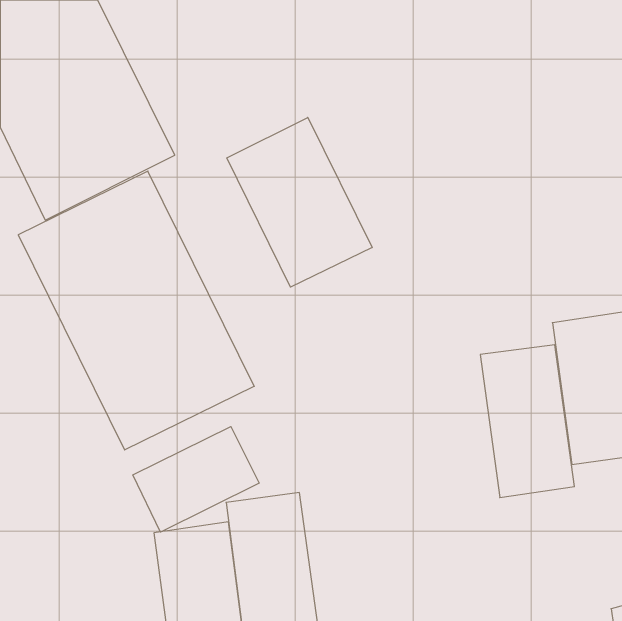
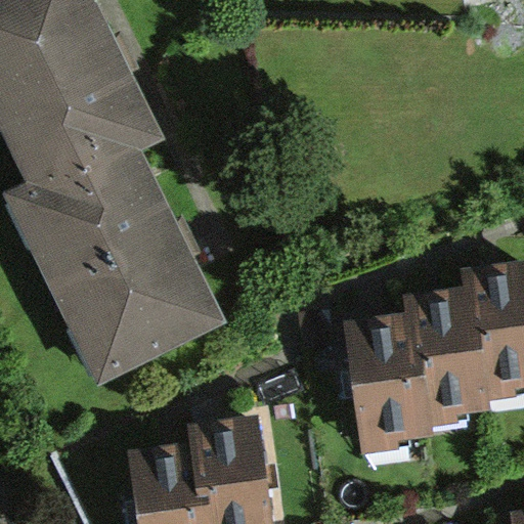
building: [227,117,372,287] -> none
building: none -> [344,316,423,444]
building: [133,427,259,532] -> none

